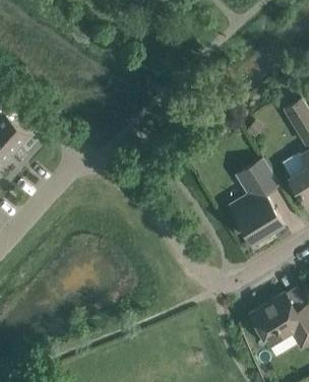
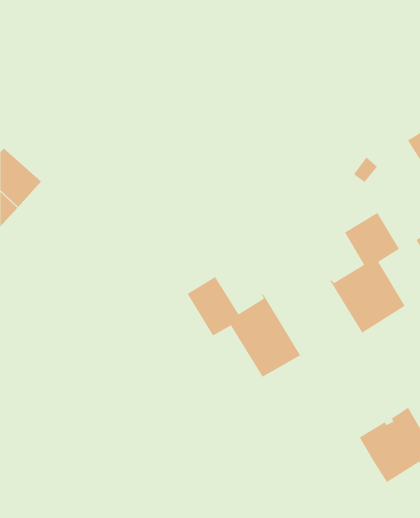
building: none -> [187,276,301,377]

